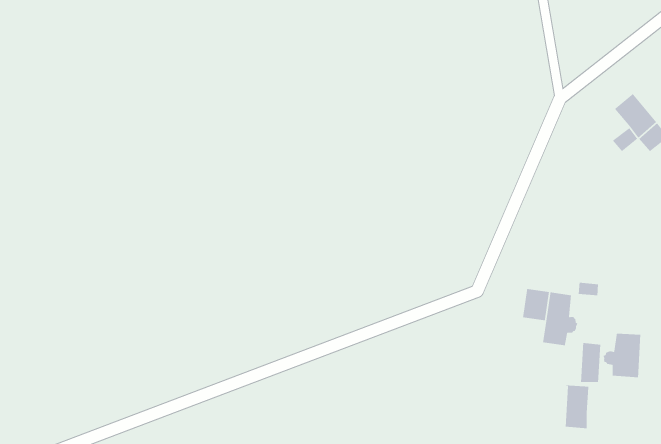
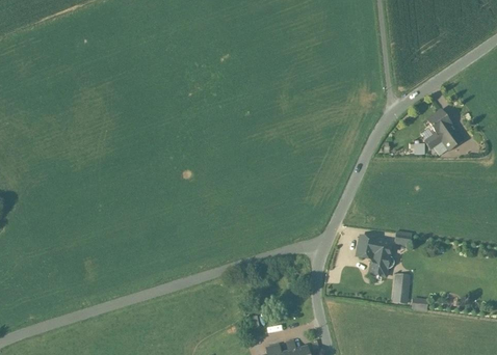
building: [603,333,641,378] -> none
building: [564,385,591,429] -> none

